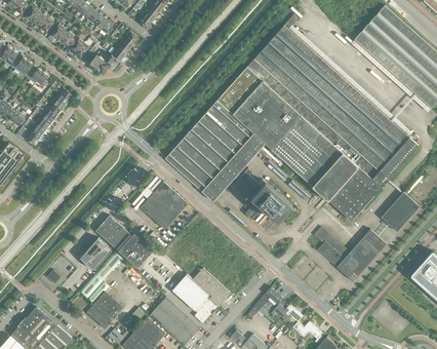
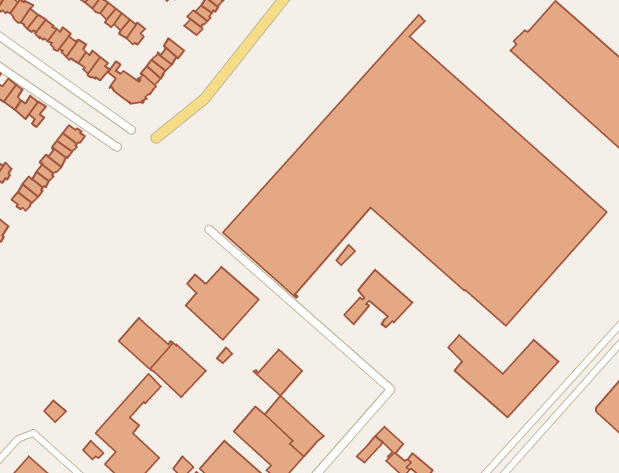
building: [380,192,419,232] -> none
building: none -> [253,349,302,396]
building: [80,238,112,271] -> none

